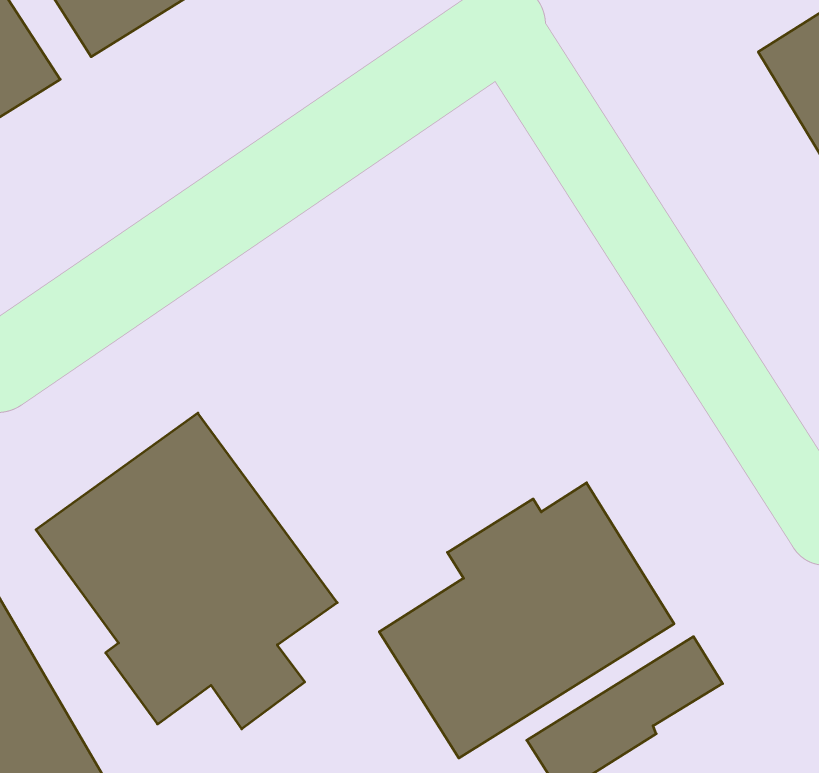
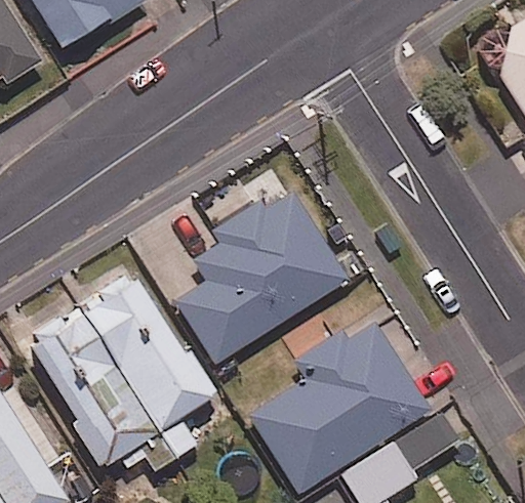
building: none -> [169,187,346,361]

